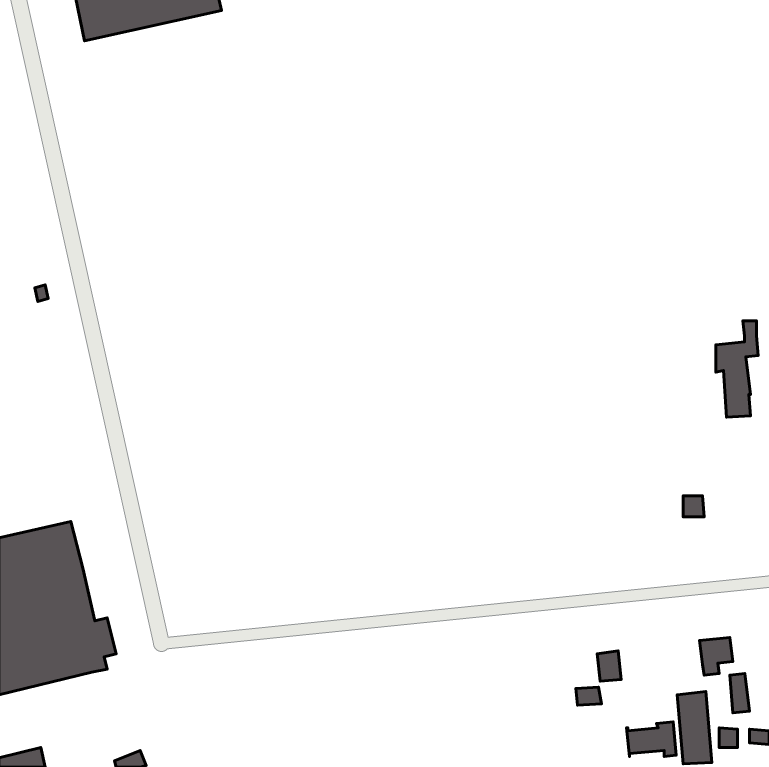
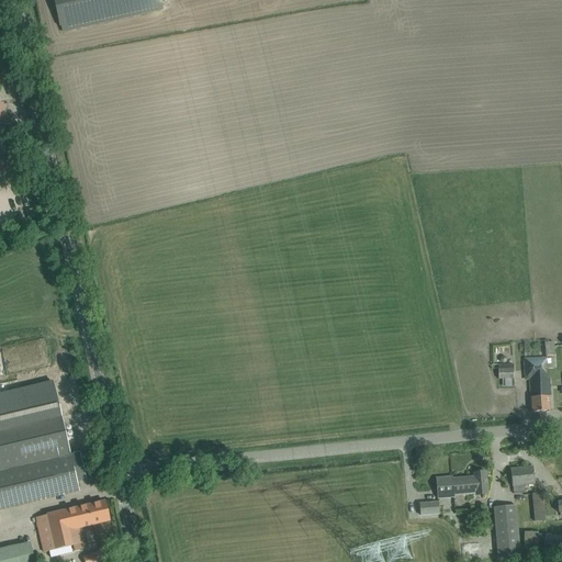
building: [716,321,758,417] -> [524,340,554,411]
building: none -> [35,499,109,550]
building: [626,722,676,757] -> [450,470,486,495]

